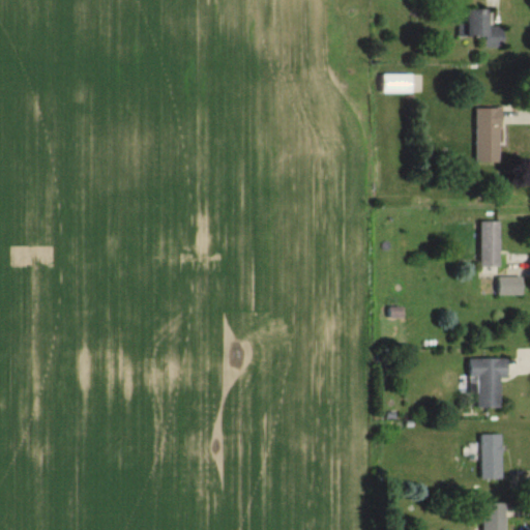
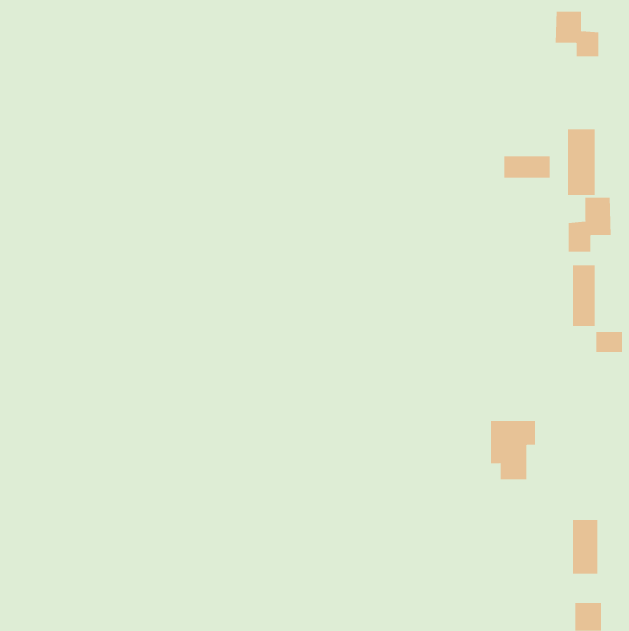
building: [384,73,423,92] -> [503,156,551,178]
building: none -> [568,197,611,252]
building: [470,358,508,408] -> [490,420,536,480]

